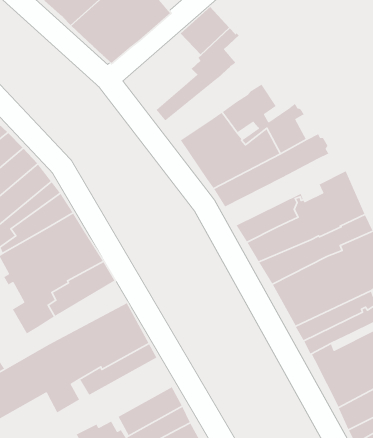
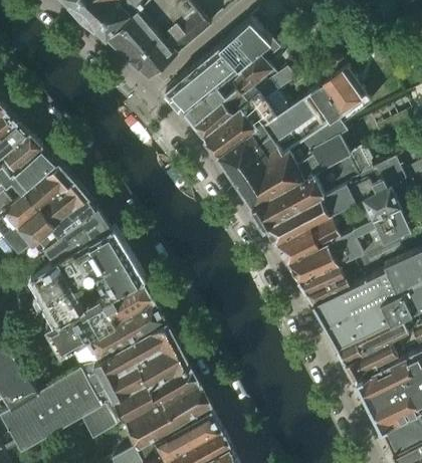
building: none -> [165,45,239,124]
building: none -> [307,66,371,123]
building: none -> [203,68,294,155]
building: none -> [264,158,404,242]
building: none -> [72,299,164,365]
building: none -> [126,379,207,444]

